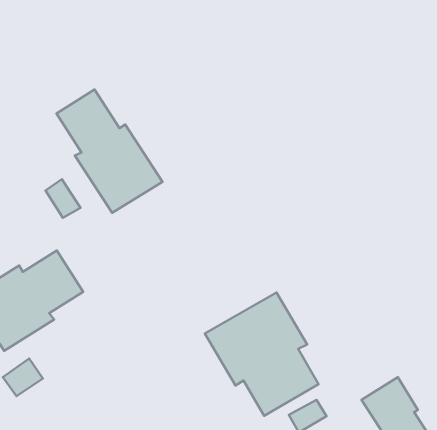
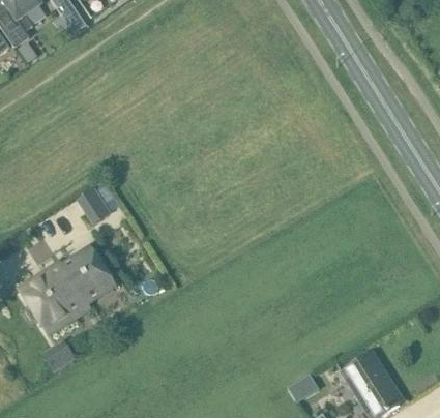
building: [56,89,163,213] -> none
building: [205,293,319,416] -> none

